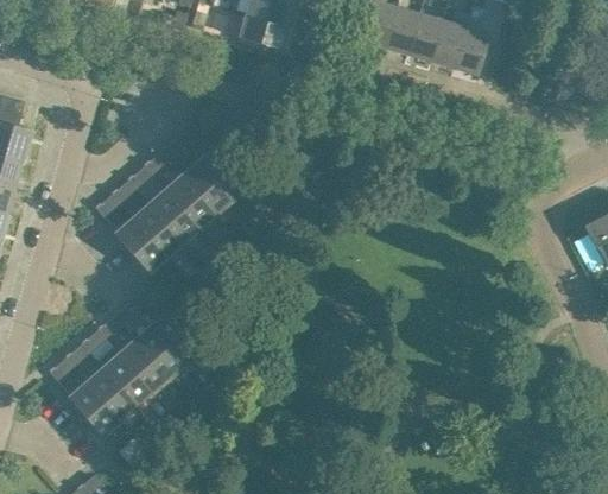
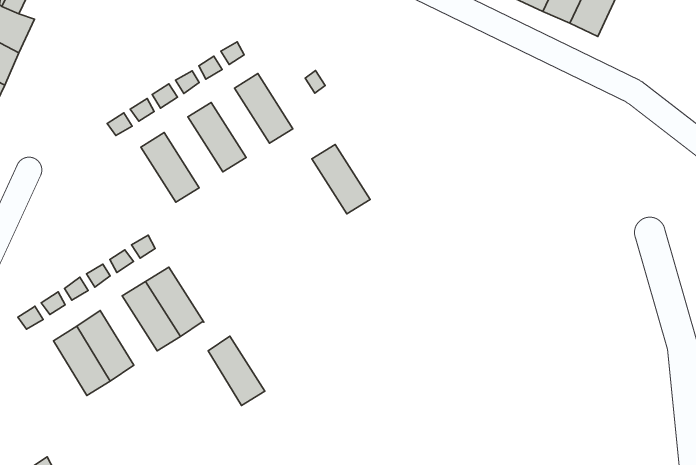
building: [179,160,230,214] -> [312,144,370,214]
building: [146,189,197,243] -> none
building: [113,218,164,272] -> none
building: [118,338,167,392] -> [208,336,265,406]
building: [68,382,118,436] -> none

